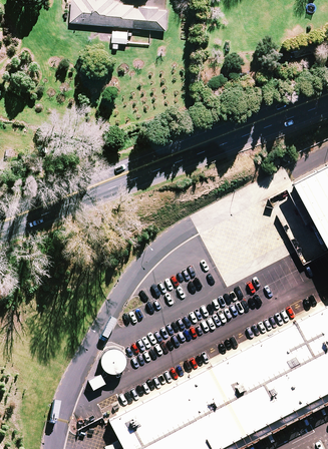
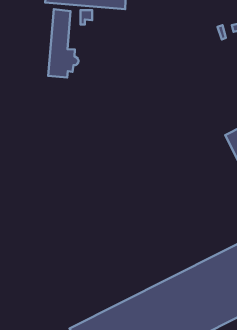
building: none -> [48,9,79,78]

